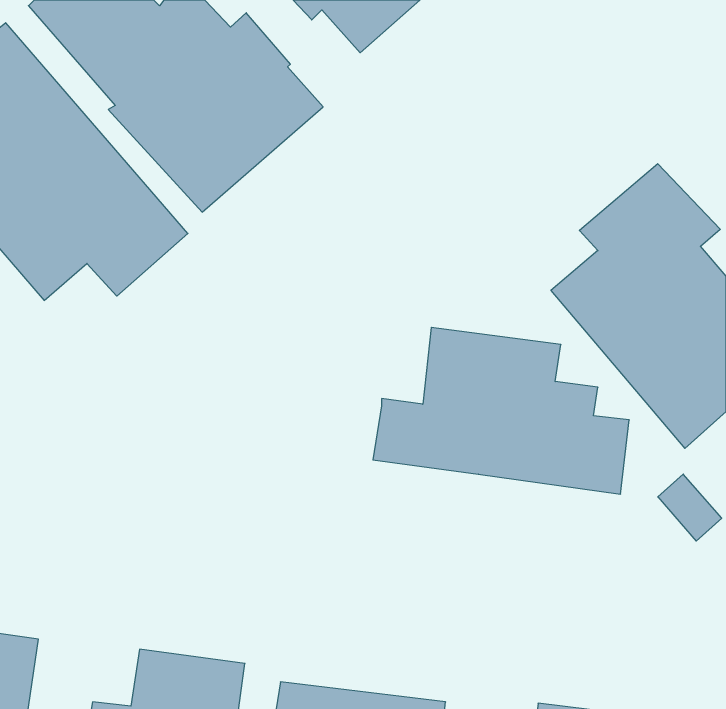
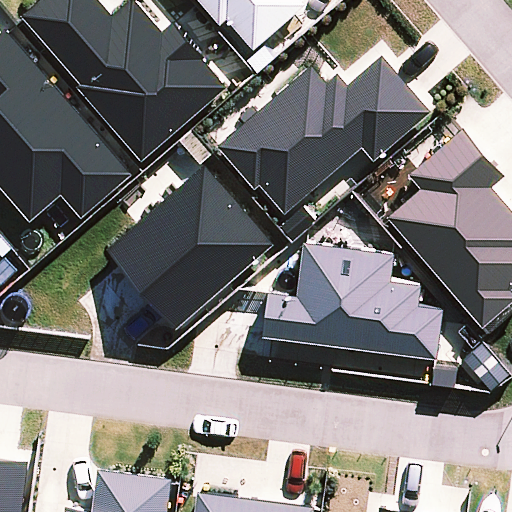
building: none -> [217,56,430,215]
building: none -> [107,166,274,328]

